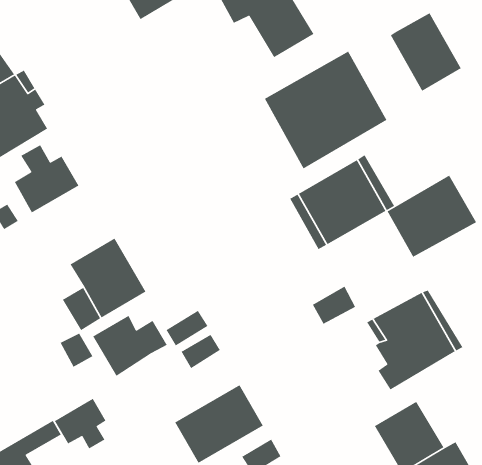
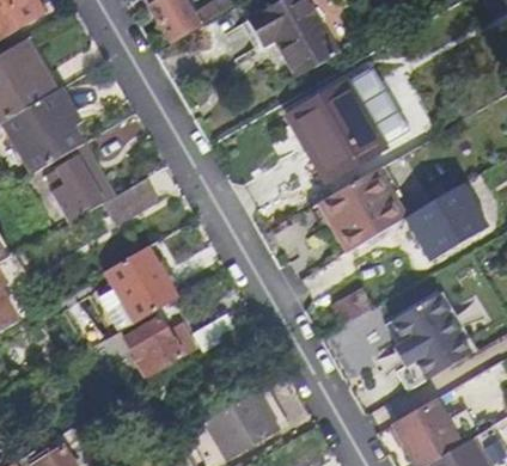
building: [390,12,462,92] -> none
building: none -> [105,177,158,222]
building: [54,398,107,450] -> none

